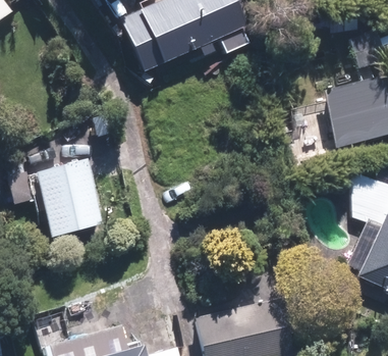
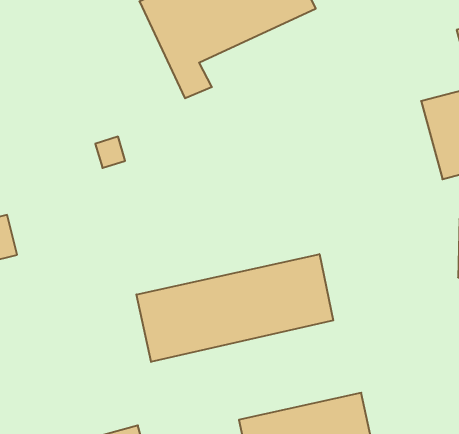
building: [38,159,104,238] -> none
building: none -> [136,254,333,362]

